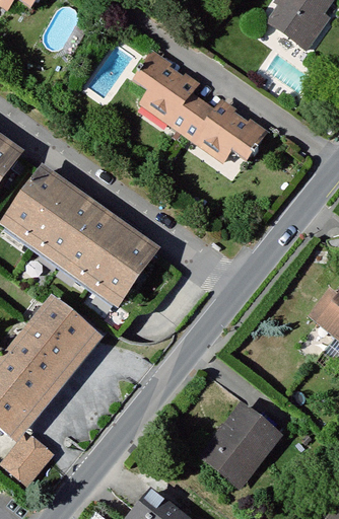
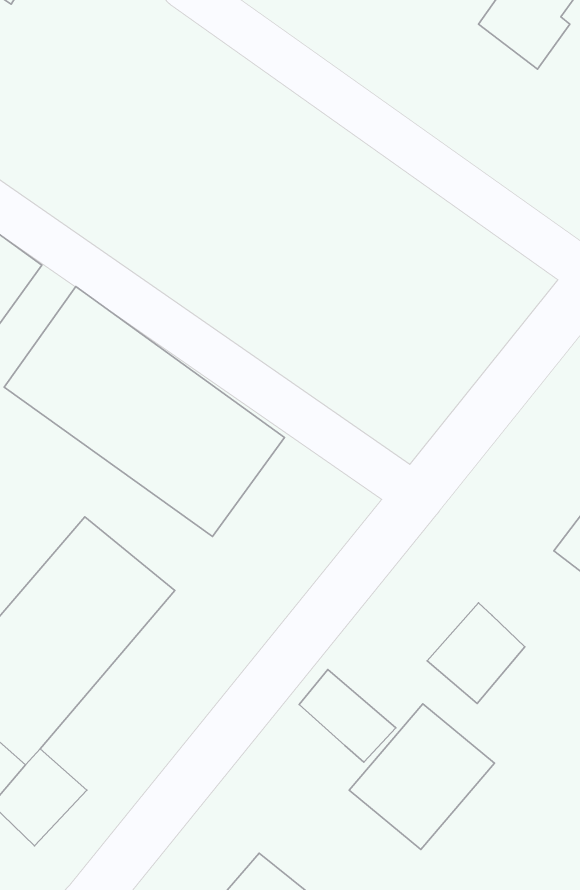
building: [136,57,264,160] -> none
building: none -> [427,603,525,703]
building: none -> [299,670,396,762]

